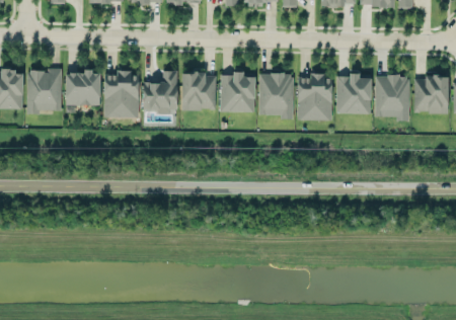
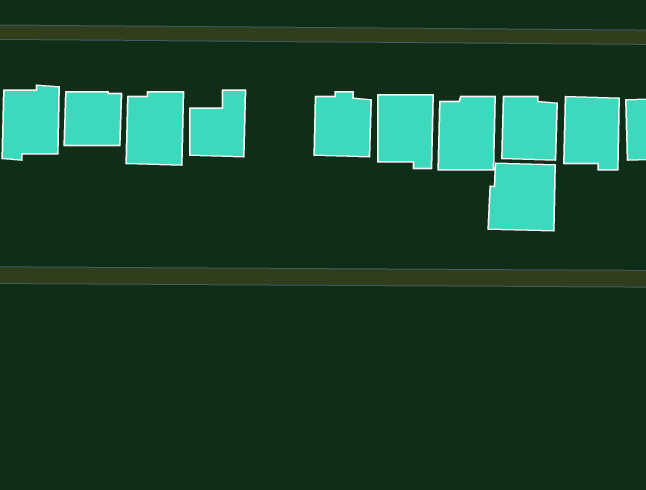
building: [181,73,216,110] -> none
building: none -> [488,163,555,231]

